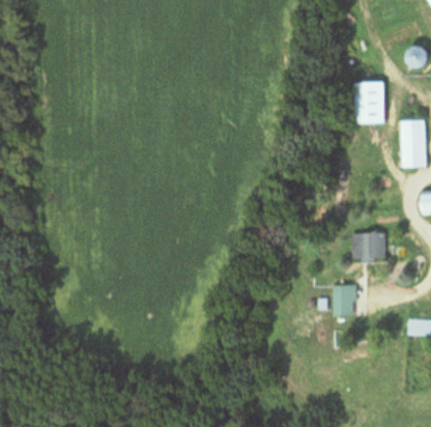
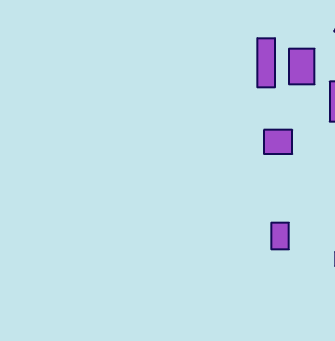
building: none -> [257,38,275,87]
building: [352,233,385,261] -> [264,130,292,154]

